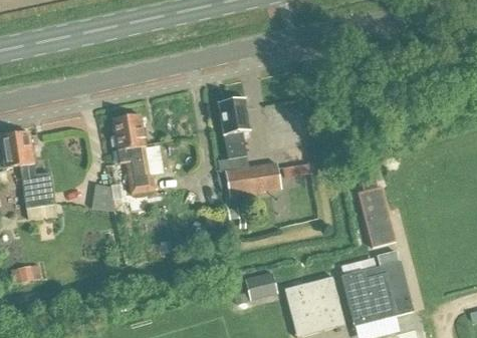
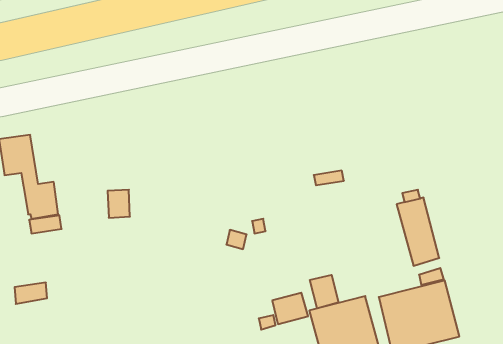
building: [217,98,282,195] -> none
building: [111,114,155,194] -> none
building: none -> [310,275,339,308]

